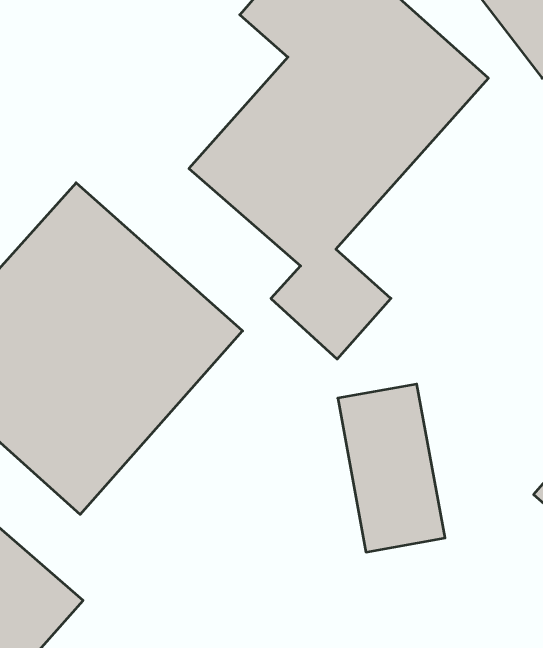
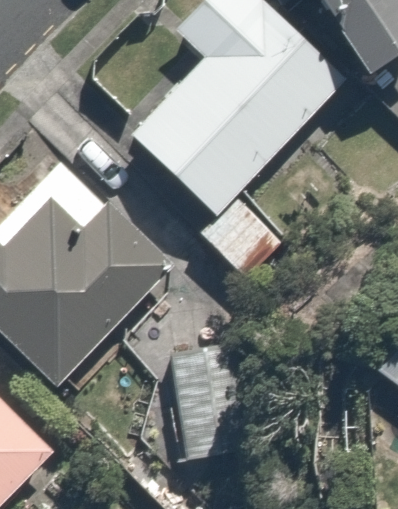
building: [338,384,445,552] -> [167,340,243,459]

